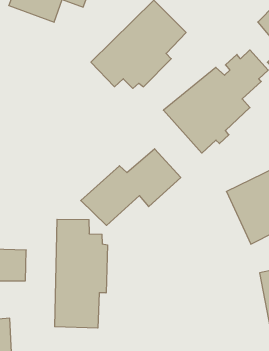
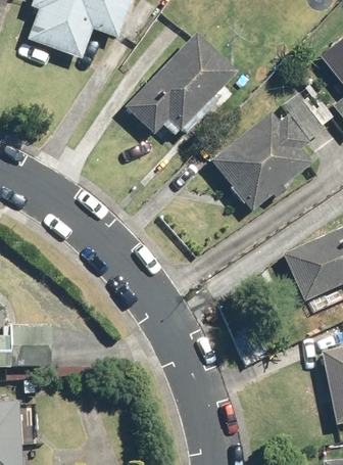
building: [81,149,181,225] -> none
building: [55,219,107,328] -> none

